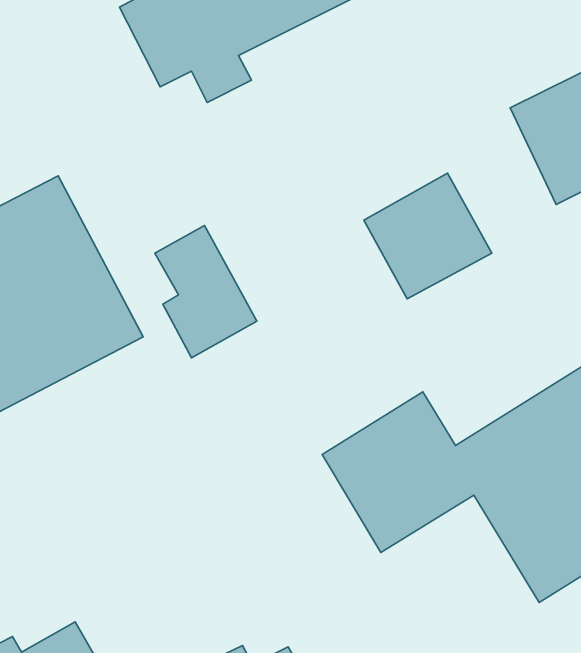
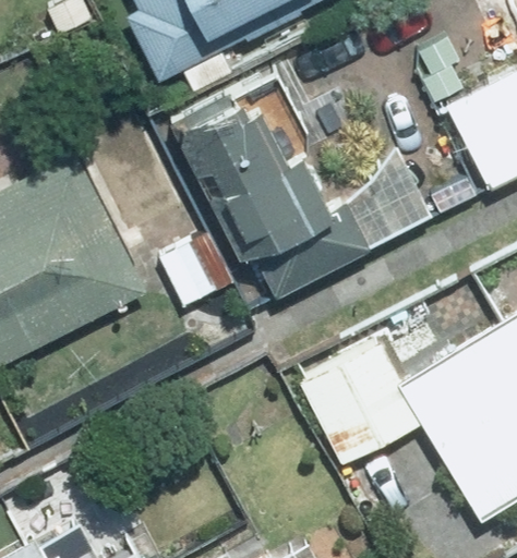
building: none -> [166,87,329,259]

